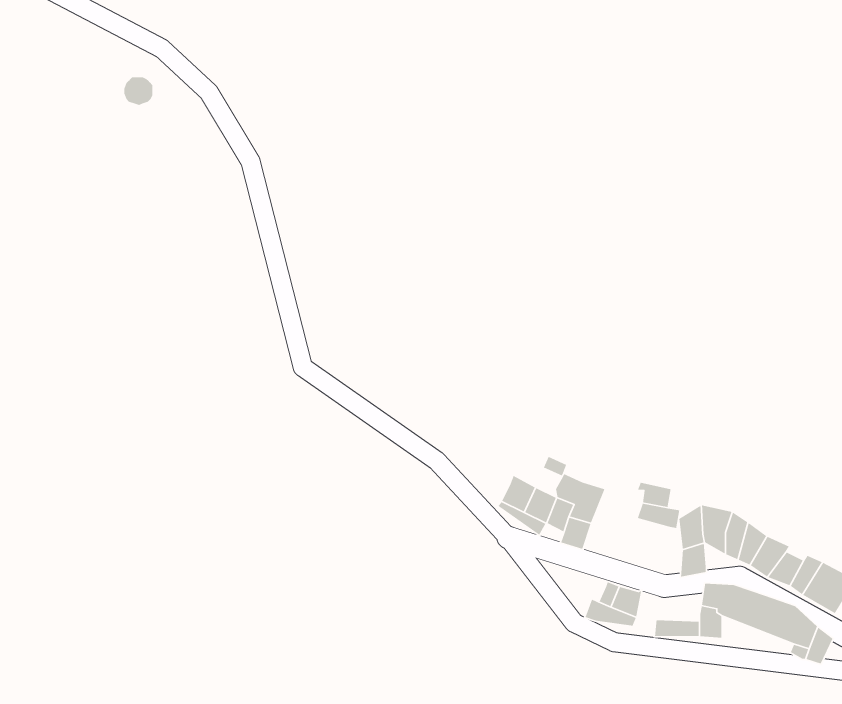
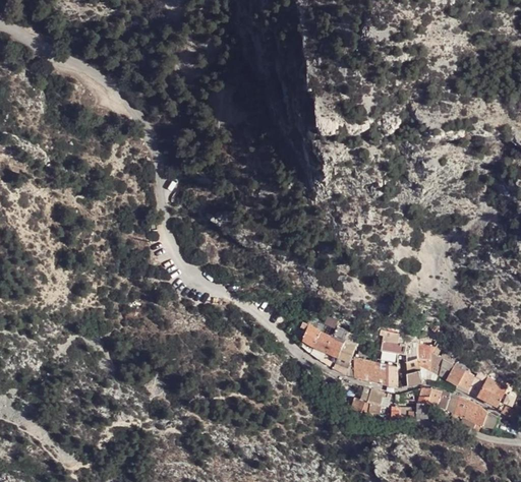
building: none -> [353,357,397,388]

